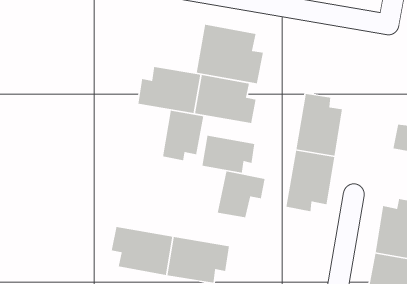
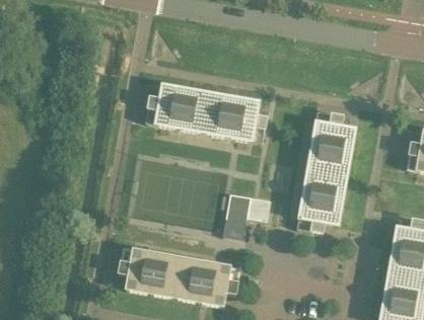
building: [196,24,264,84] -> none
building: [162,110,204,161] -> none
building: [202,135,255,174] -> none

